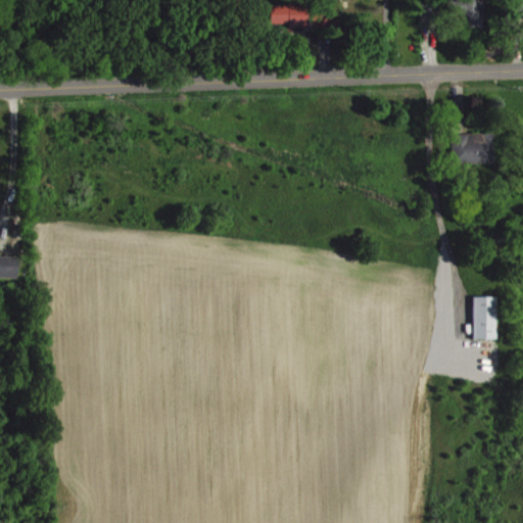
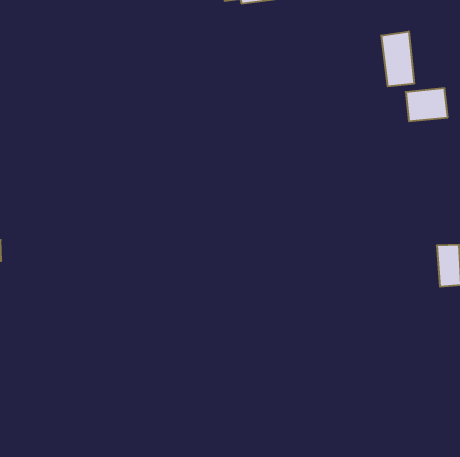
building: none -> [381,31,414,86]

